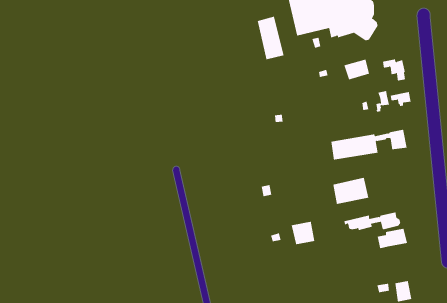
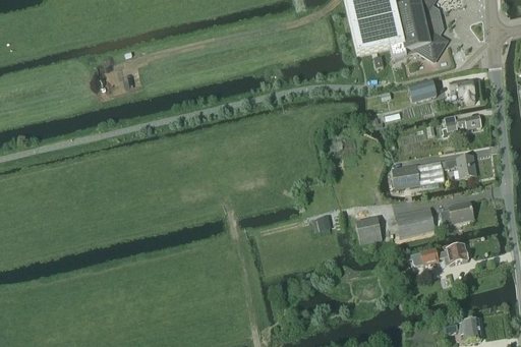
building: [257,16,284,60] -> none
building: [291,221,315,245] -> [355,219,382,244]
building: [377,228,408,249] -> [440,203,473,225]

